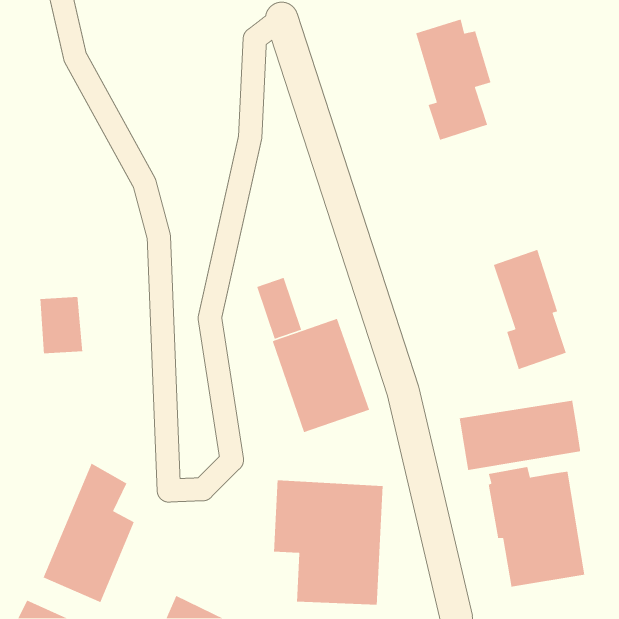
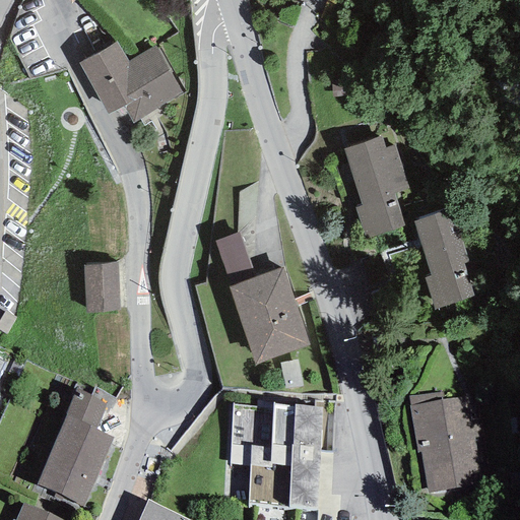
building: [415,18,492,141] -> [344,135,408,238]
building: none -> [79,42,183,122]
building: [39,296,83,354] -> [84,263,121,312]
building: [459,400,581,471] -> none

